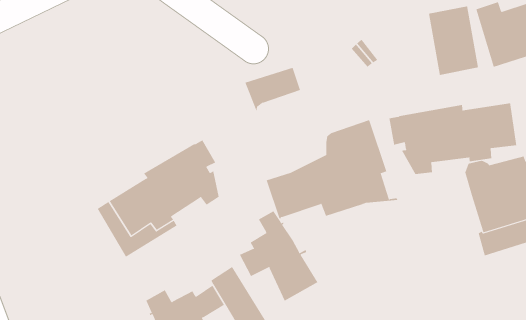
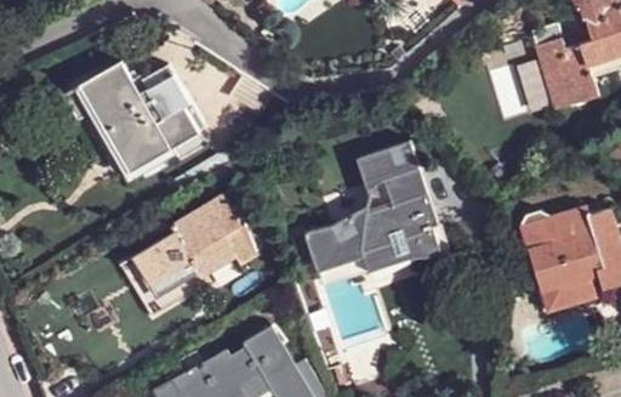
building: none -> [63,59,200,170]
building: [245,67,301,113] -> [357,140,418,191]
building: [389,102,517,175] -> none
building: [239,210,318,301] -> none

